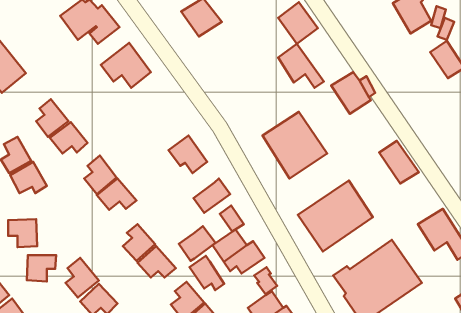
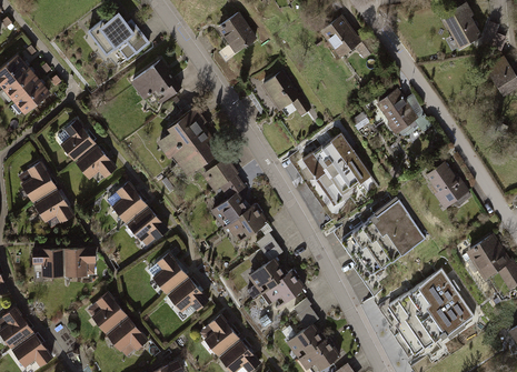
building: [278,44,324,88] -> [262,70,311,117]
building: none -> [153,107,218,179]
building: [179,226,215,261] -> [212,191,251,228]
building: [27,255,56,281] -> [64,248,96,275]
building: [190,256,224,290] -> none

